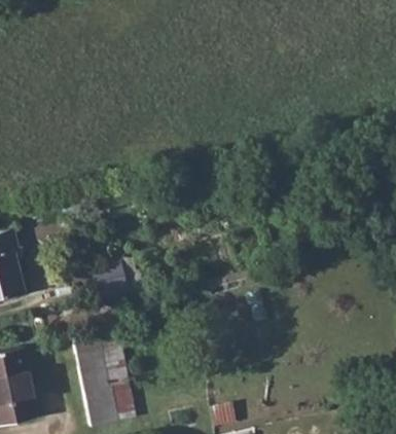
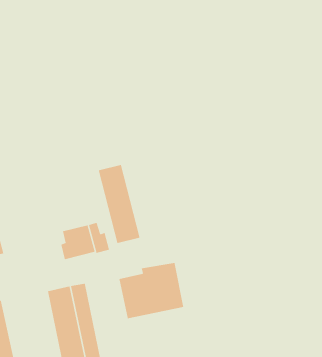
building: none -> [98,164,140,244]
building: none -> [119,262,184,319]

